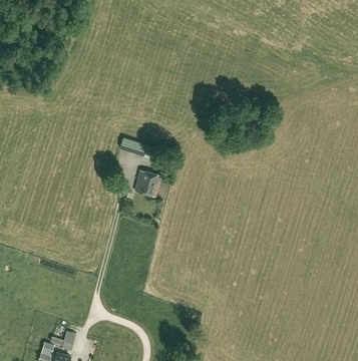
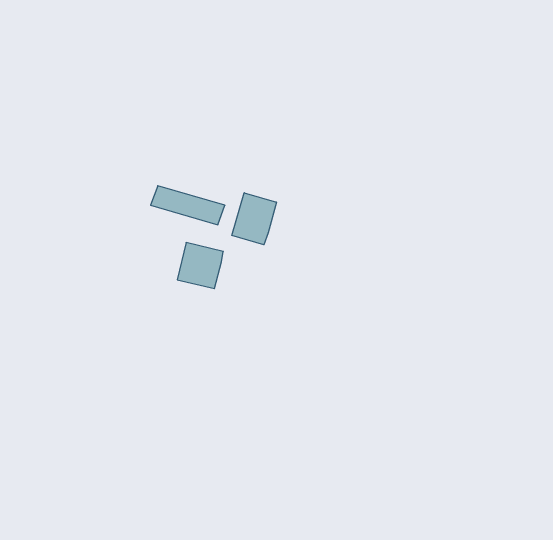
building: none -> [232,193,276,245]

